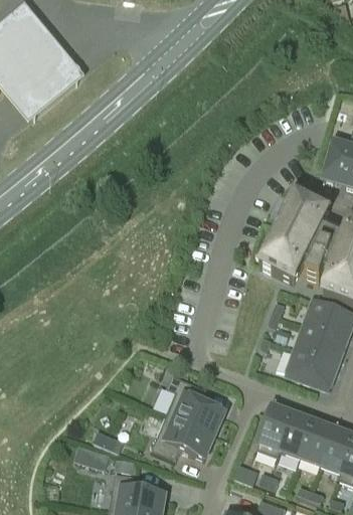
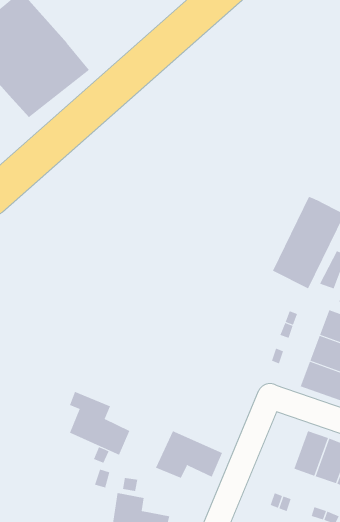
building: [166,374,223,435] -> [69,391,130,455]
building: [255,405,293,457] -> none

